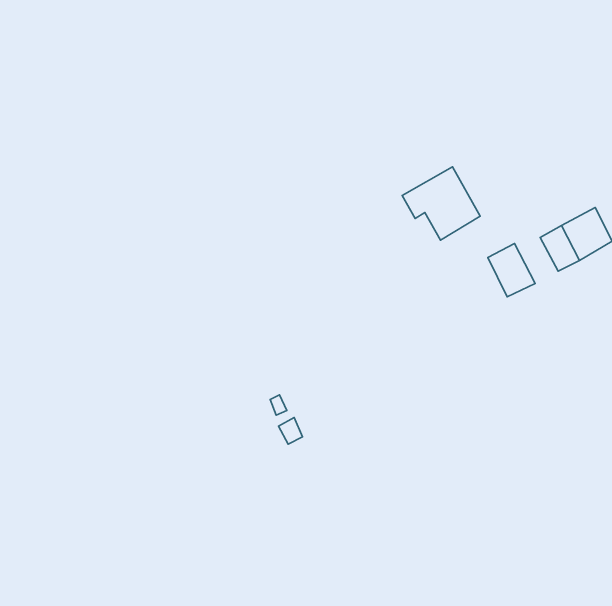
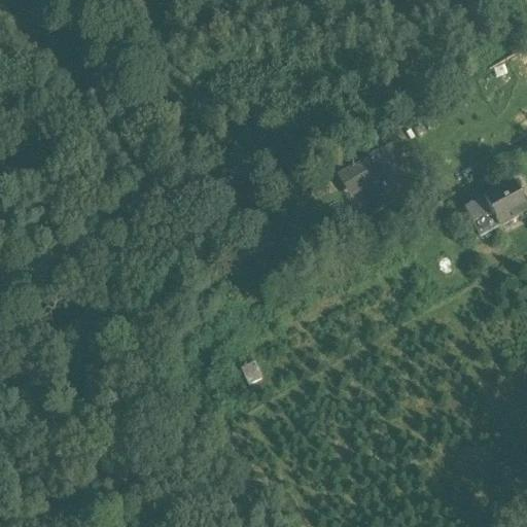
building: [488,243,535,297] -> none

